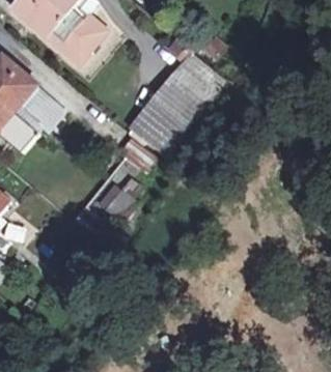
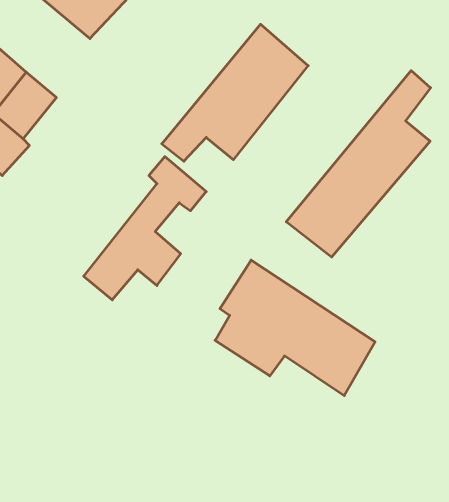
building: none -> [286,71,431,257]
building: none -> [215,260,375,396]

